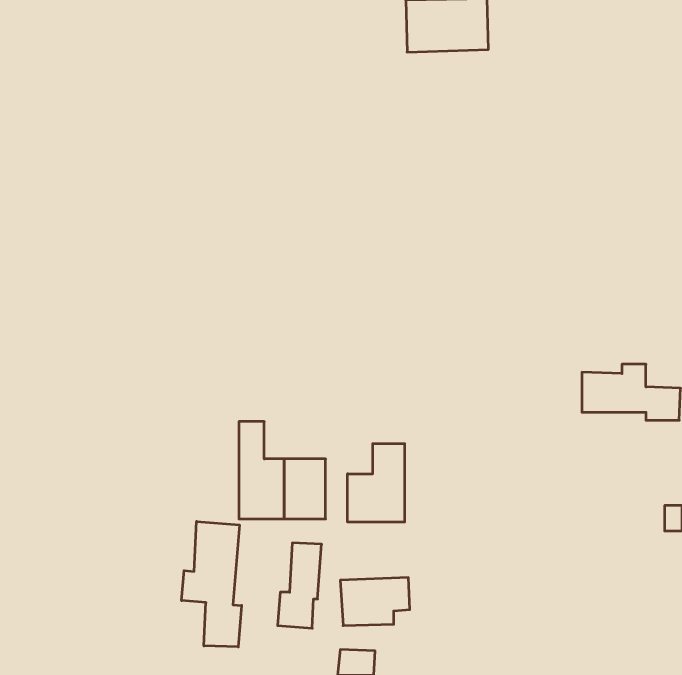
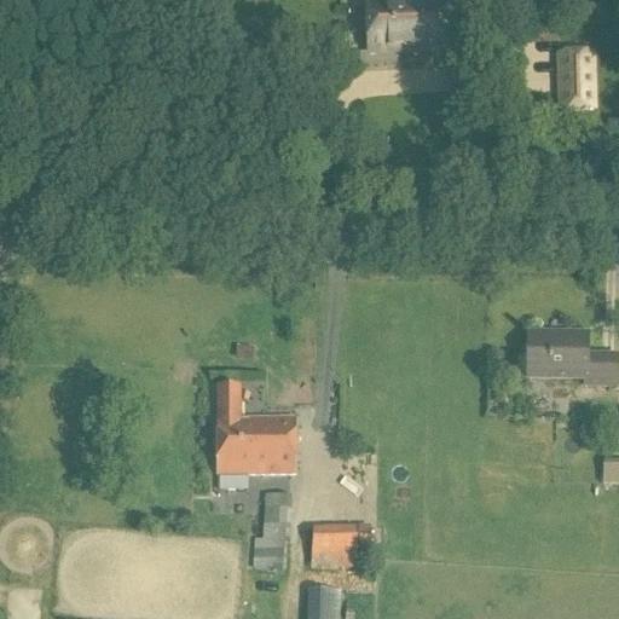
building: none -> [555,47,597,110]
building: [348,444,405,522] -> none
building: [182,521,242,647] -> none

